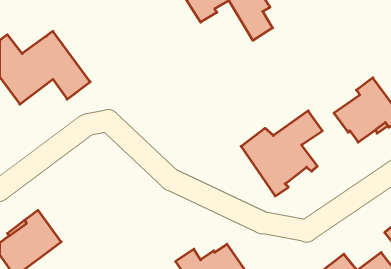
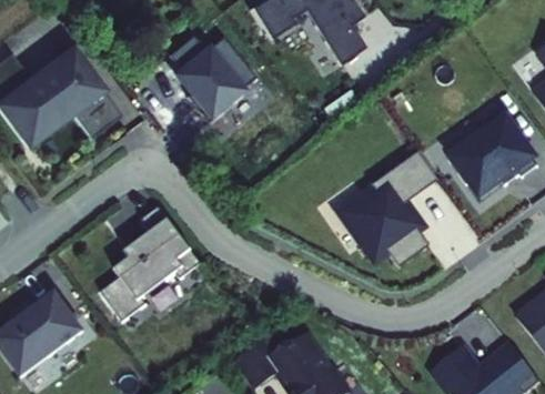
building: none -> [168,36,256,119]
building: none -> [101,206,202,323]

